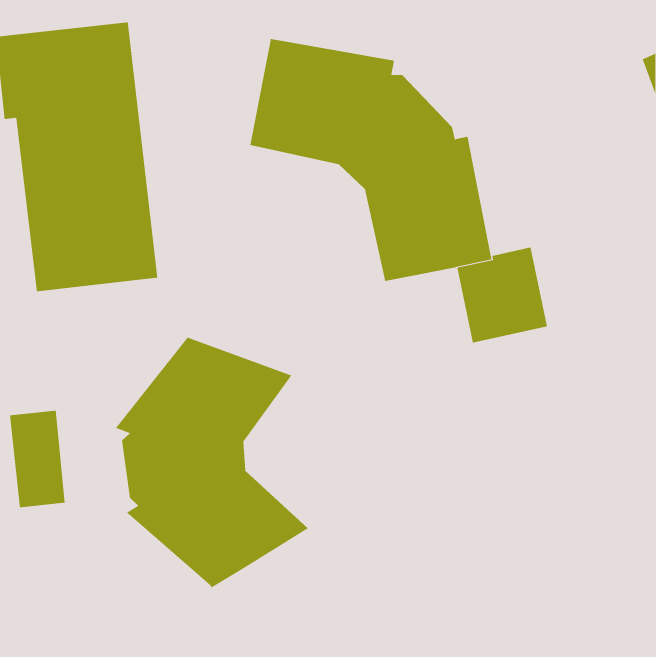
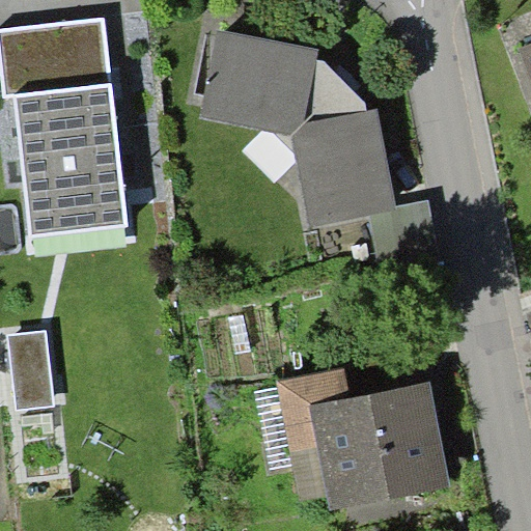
building: [115,337,309,588] -> none
building: none -> [276,369,449,509]

